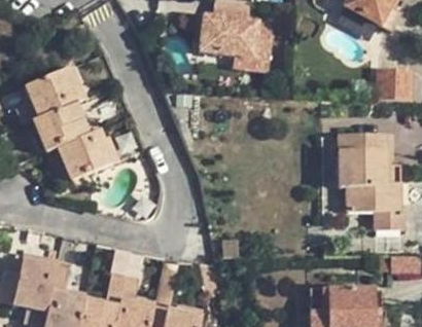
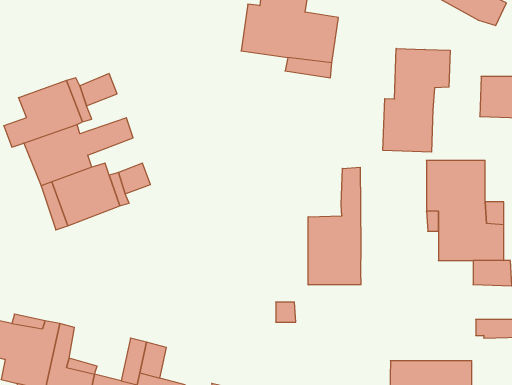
building: none -> [383,48,450,152]
building: none -> [308,167,361,285]

